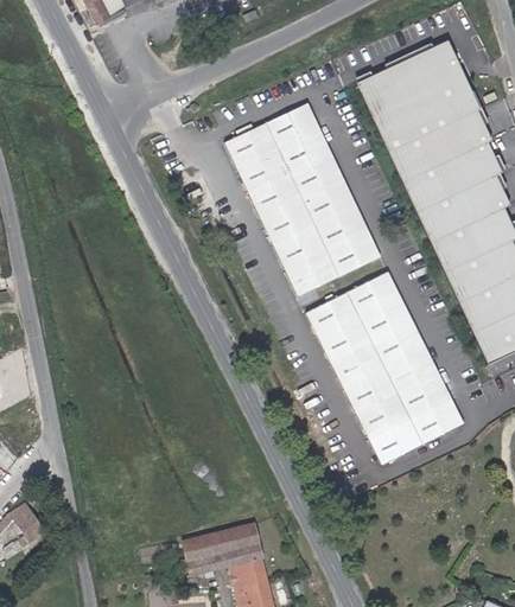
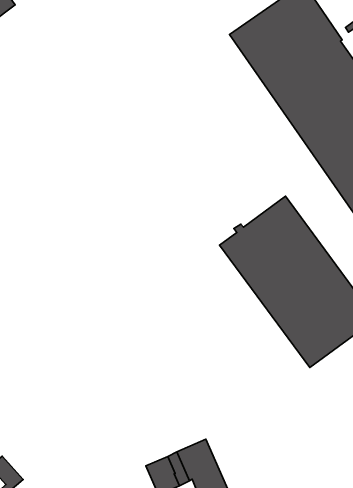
building: [224,103,381,296] -> none

